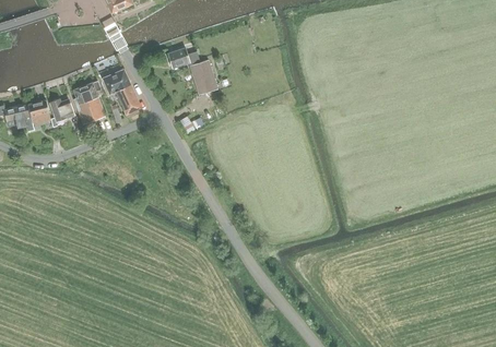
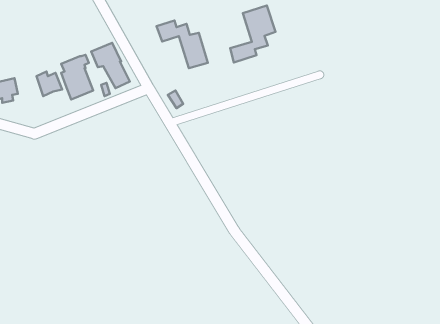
building: none -> [230,5,276,62]
building: [25,99,50,131] -> none

